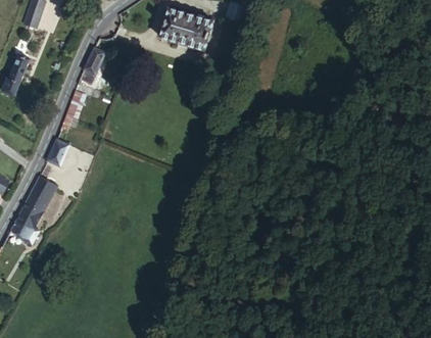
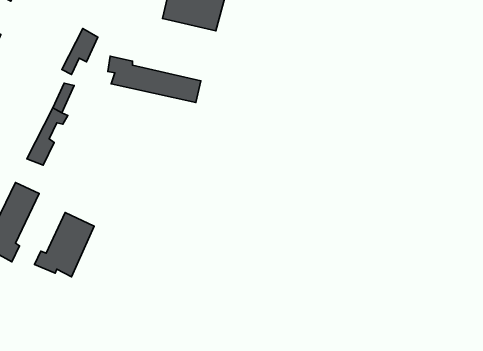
building: none -> [108,56,201,103]
building: none -> [34,212,94,277]

